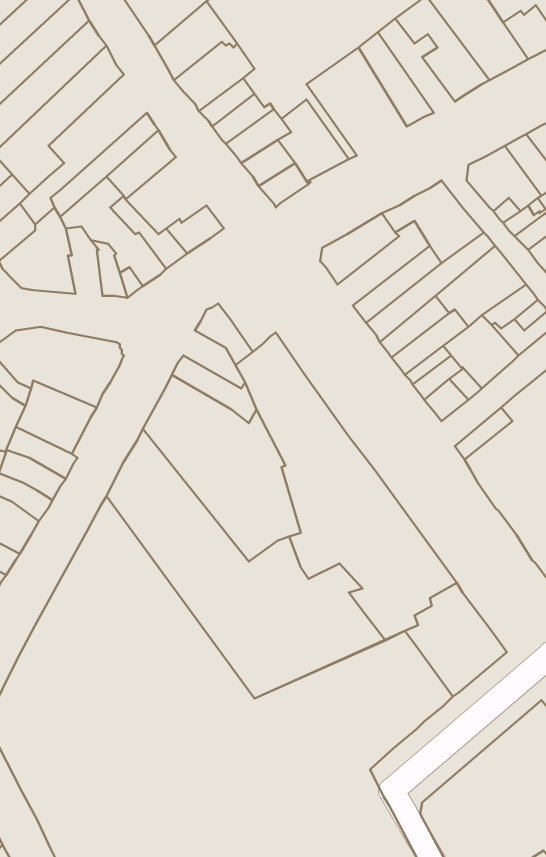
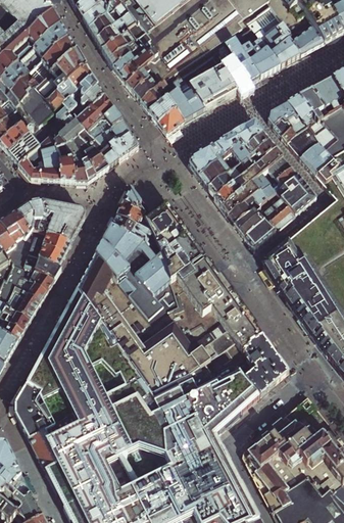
building: none -> [220,34,261,84]
building: none -> [183,49,236,106]
building: none -> [46,63,98,125]
building: none -> [87,107,130,148]
building: none -> [199,141,248,186]
building: none -> [55,144,75,181]
building: none -> [117,199,150,230]

